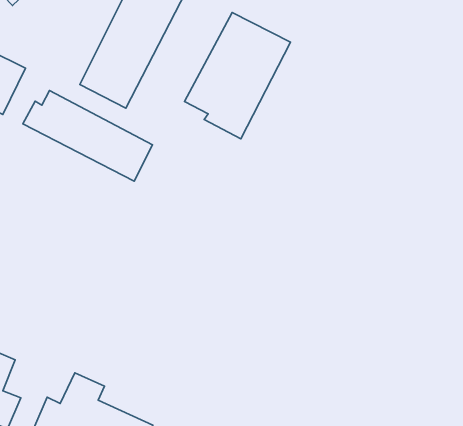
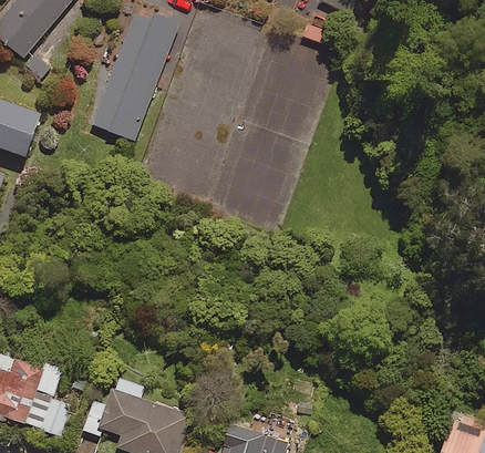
building: [184,13,290,139] -> none
building: [23,90,153,181] -> none

